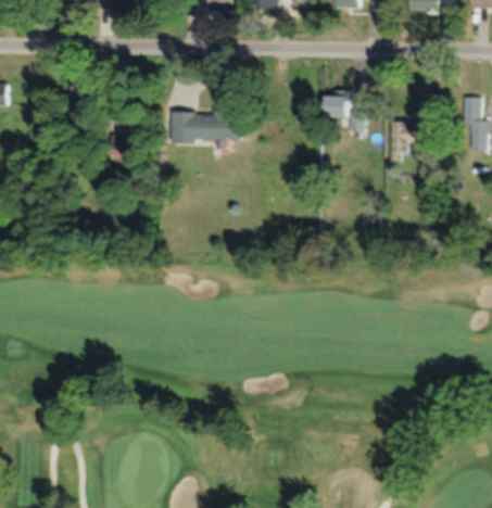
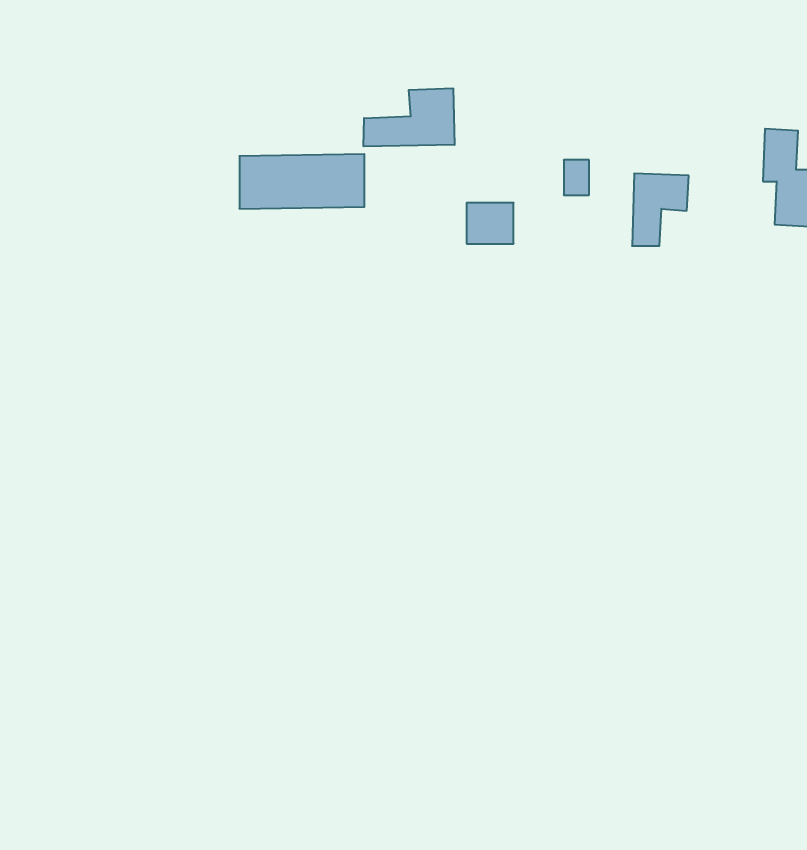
building: none -> [364,88,455,146]
building: [321,93,348,116] -> [467,203,514,244]

